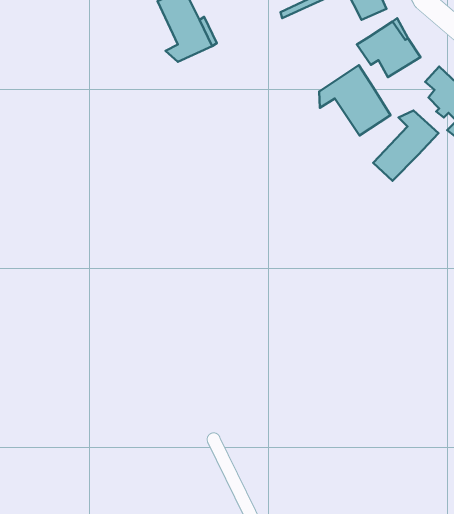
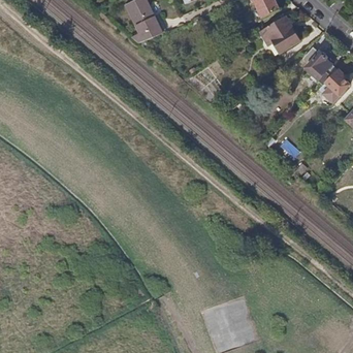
building: [319,65,390,135] -> none
building: [373,110,439,181] -> none

